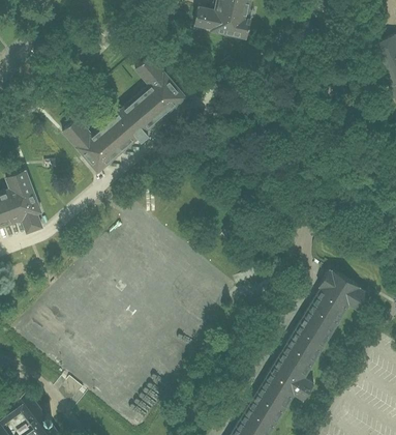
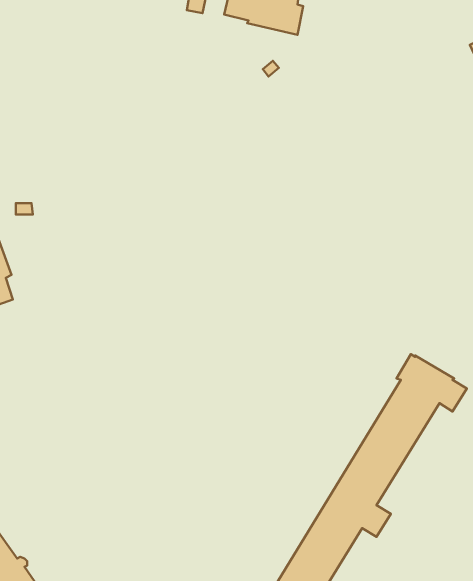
building: [63,57,185,173] -> none

